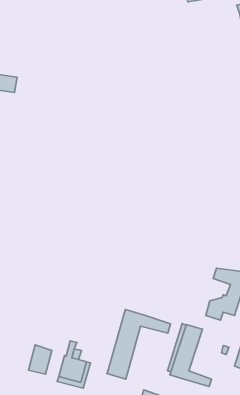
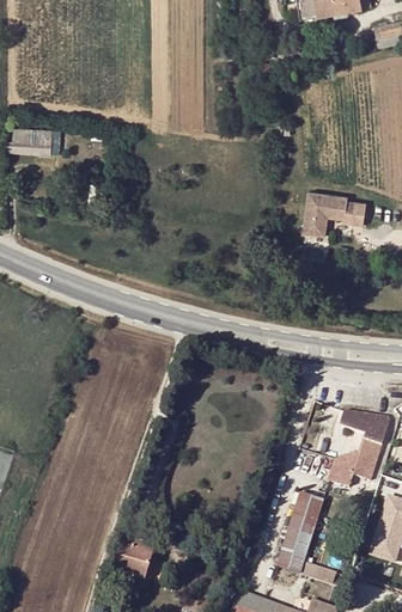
building: none -> [302,194,364,237]
building: [107,309,171,379] -> none
building: [28,345,52,374] -> none

